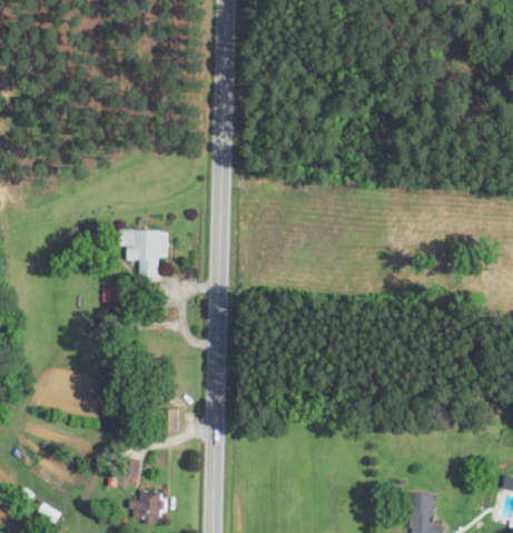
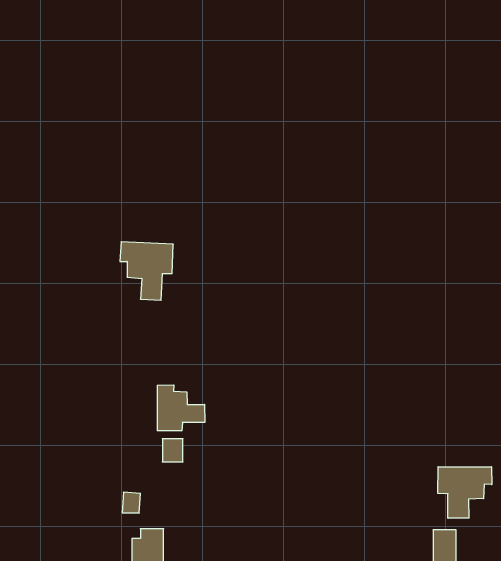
building: none -> [157,385,205,431]
building: none -> [438,467,492,518]

